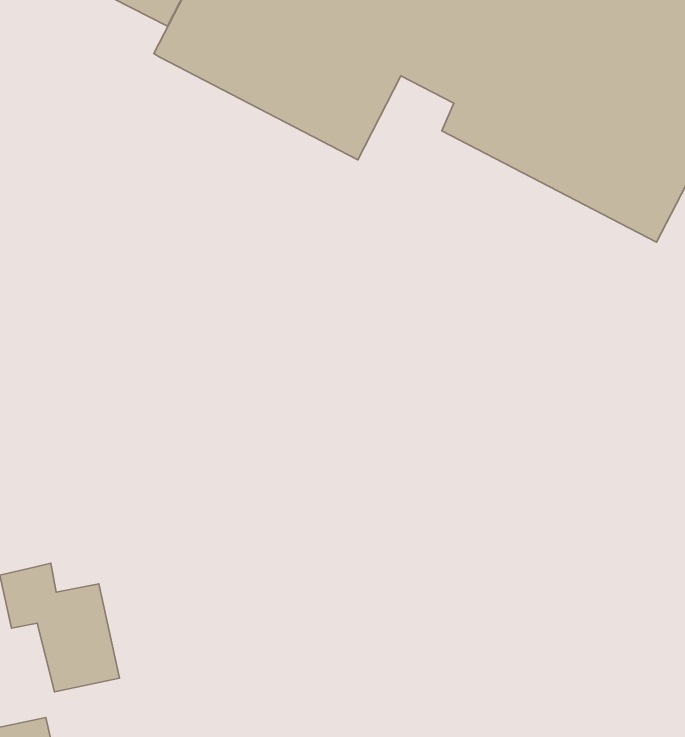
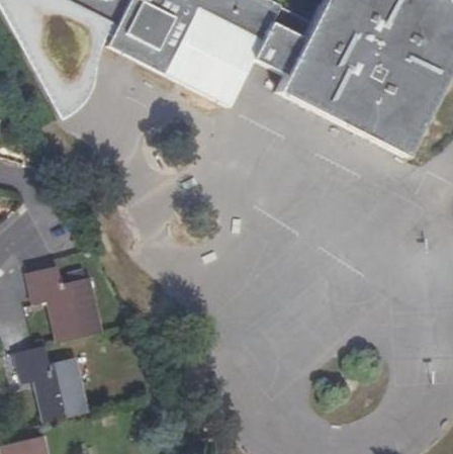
building: none -> [31,265,101,342]

